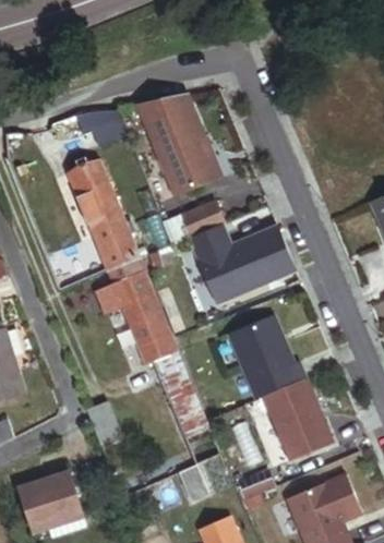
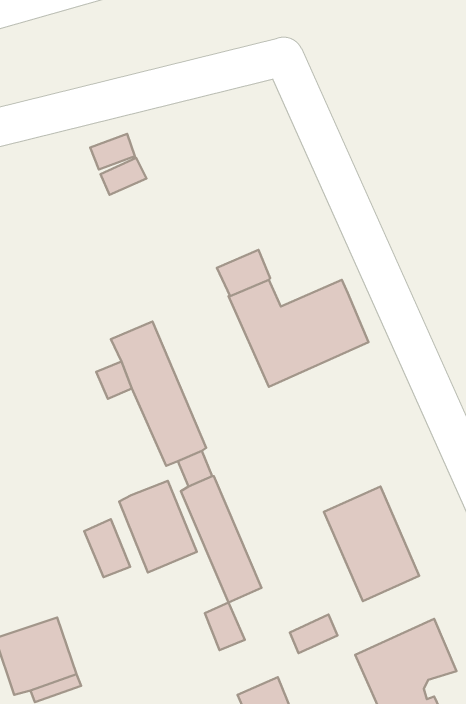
building: [136,96,221,198] -> none
building: [67,162,137,269] -> none
building: [226,314,304,399] -> none
building: none -> [119,481,197,572]

